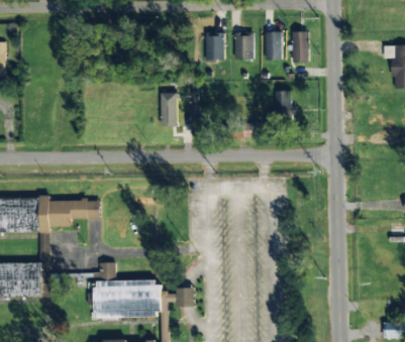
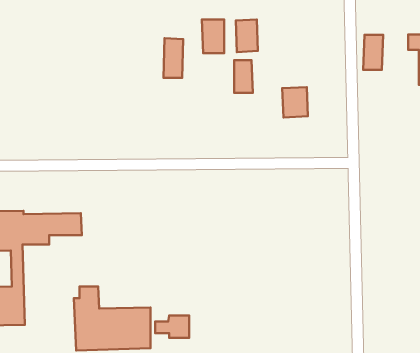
building: [265,31,281,60] -> [234,60,253,93]
building: [291,31,308,62] -> [363,35,383,70]
building: [160,92,177,126] -> [163,38,183,78]

